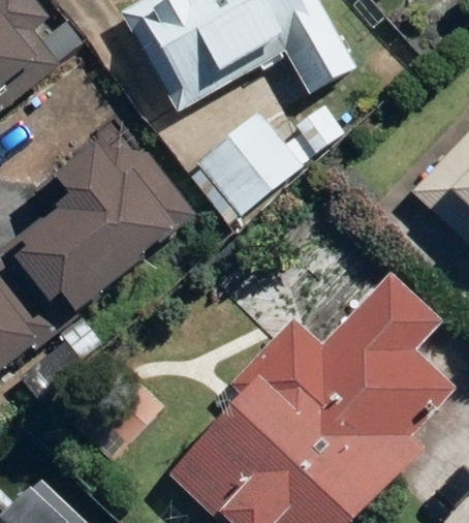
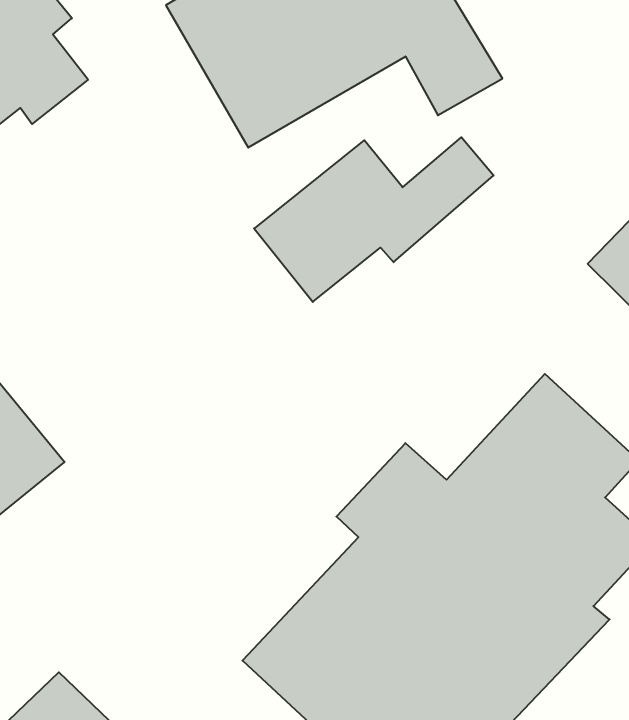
building: [18,129,193,308] -> none

